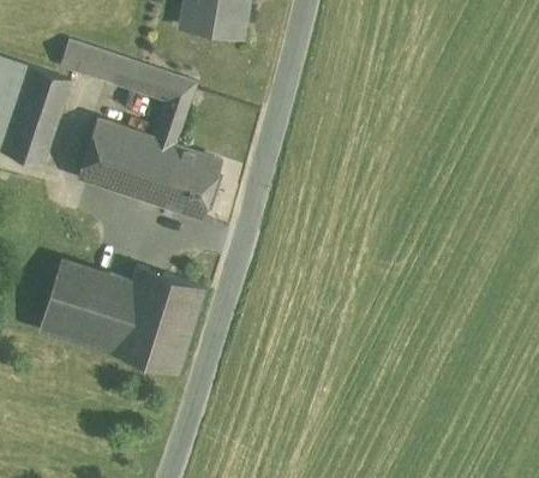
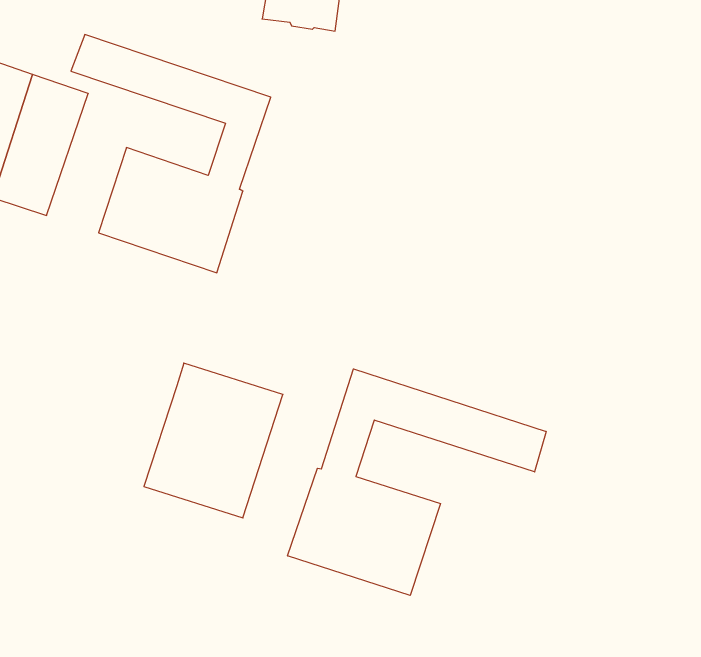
building: [158,148,221,219] -> none
building: [38,261,131,352] -> none
building: none -> [288,369,546,595]

